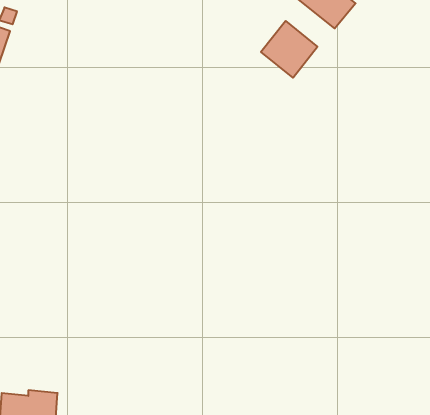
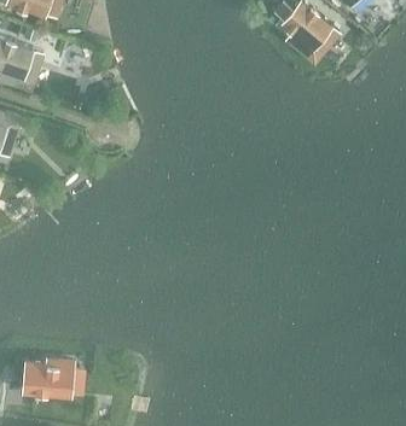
building: [261,21,317,78] -> none

